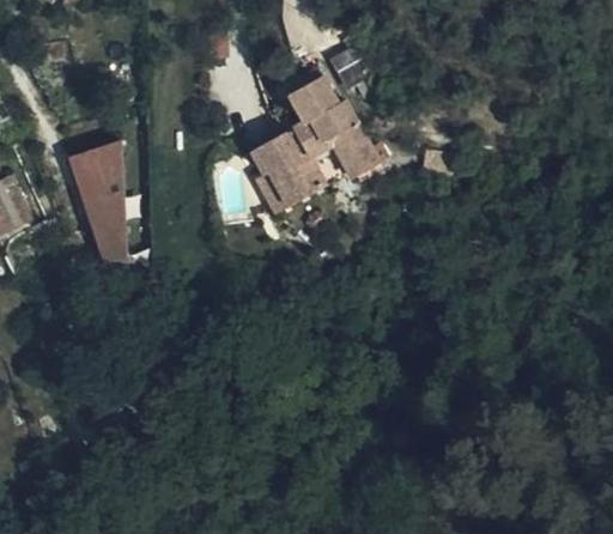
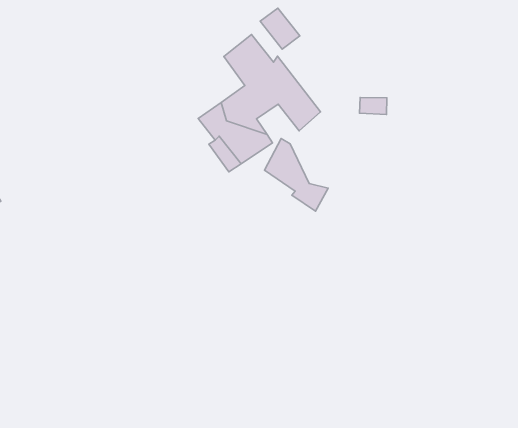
building: [68,140,125,261] -> none
building: none -> [264,139,328,211]

